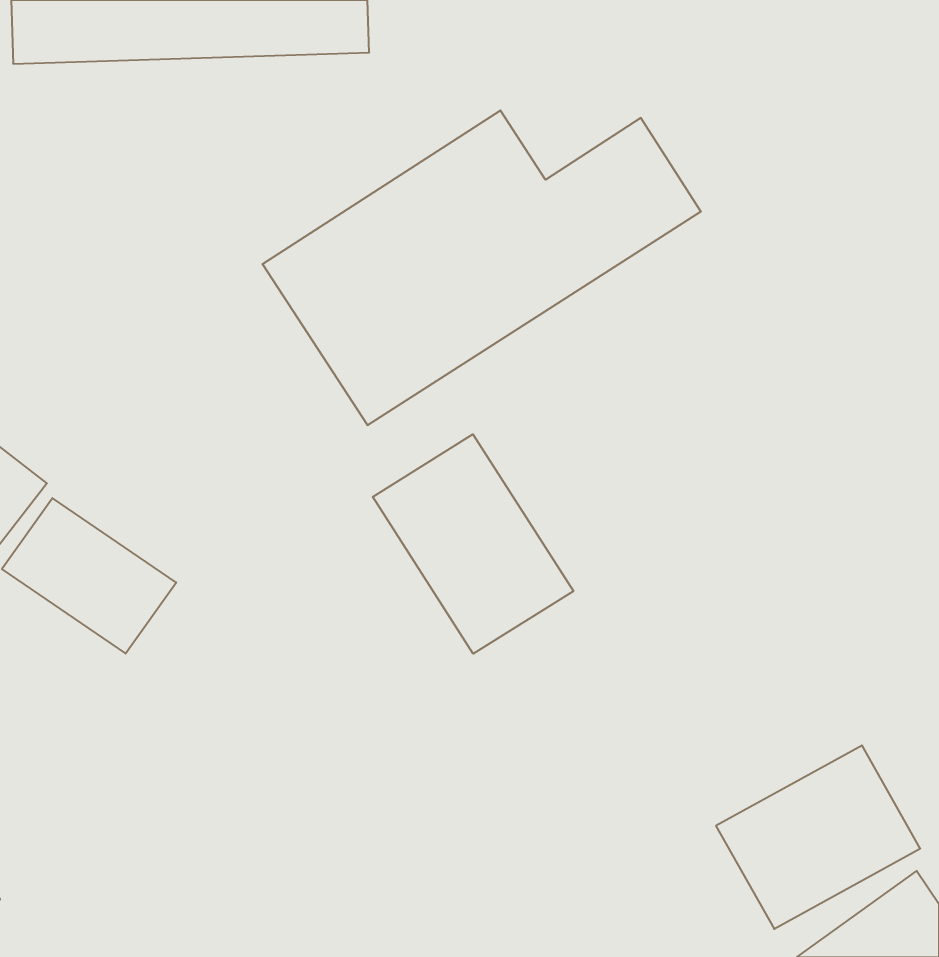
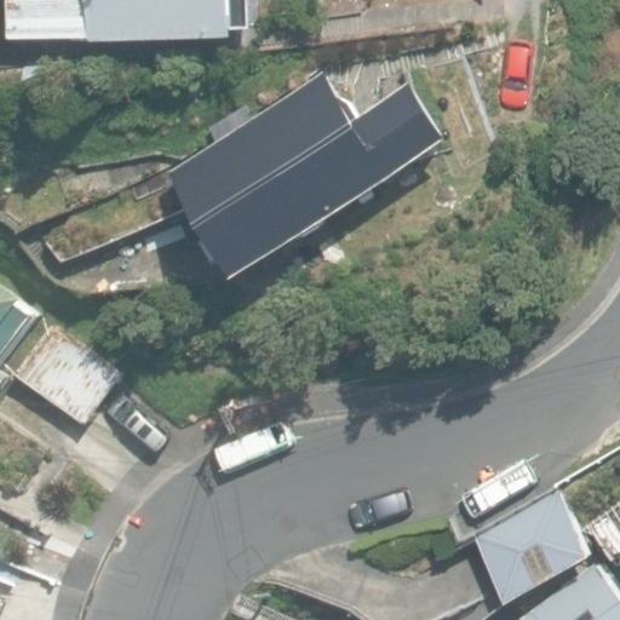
building: [373,434,573,654] -> none

